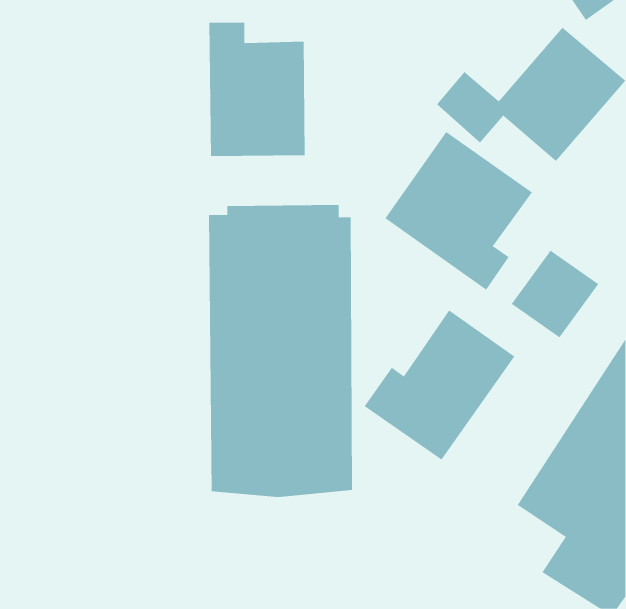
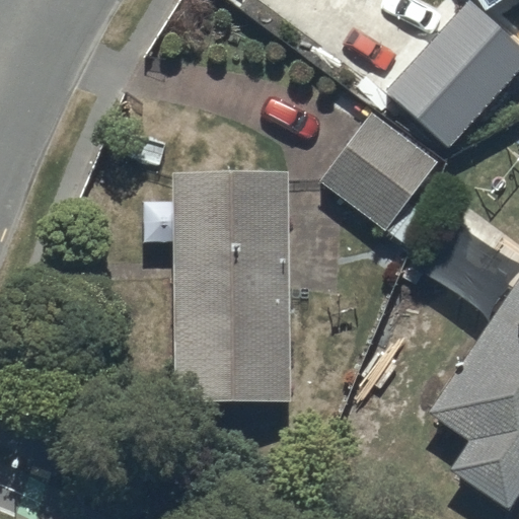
building: [209,22,305,157] -> none
building: [364,310,515,461] -> none

